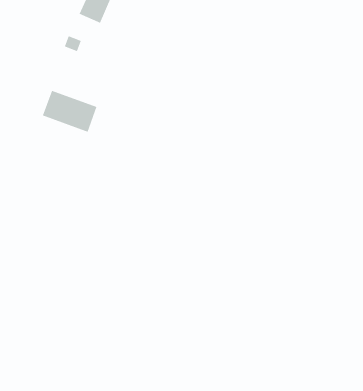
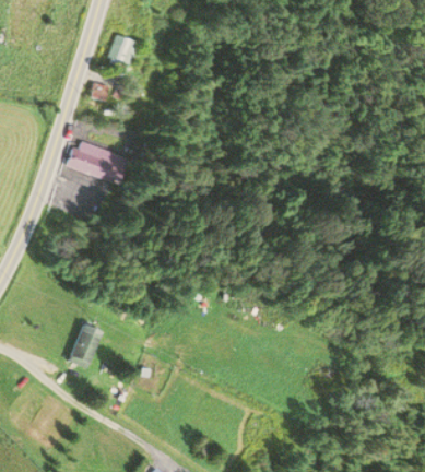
building: none -> [68,322,102,368]

